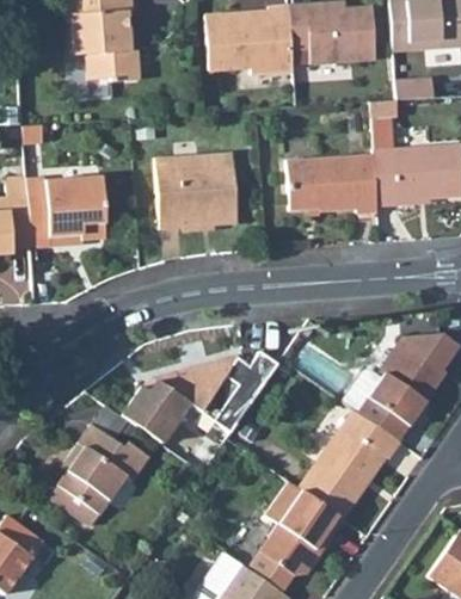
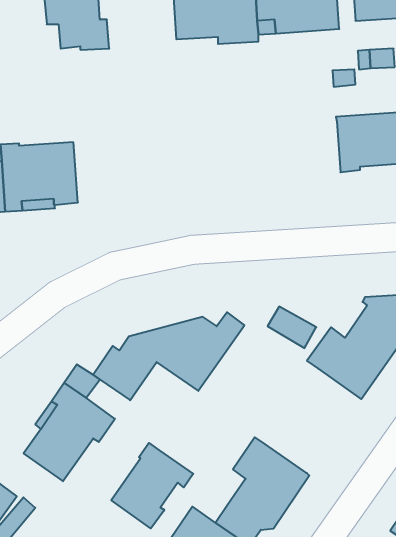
building: [154,152,238,228] -> none
building: [288,154,377,214] -> none
building: [300,409,399,517] -> none
building: none -> [111,443,193,528]

